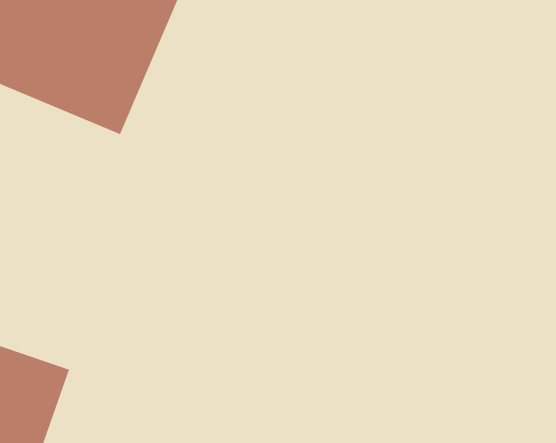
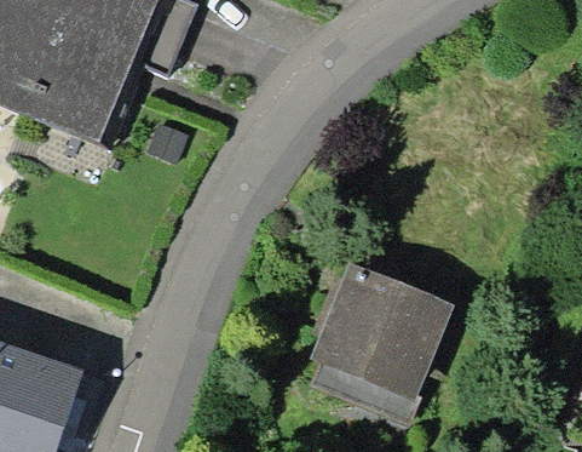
building: none -> [305,261,448,400]

